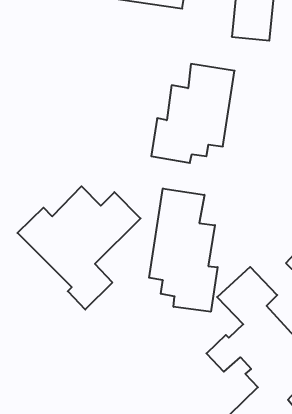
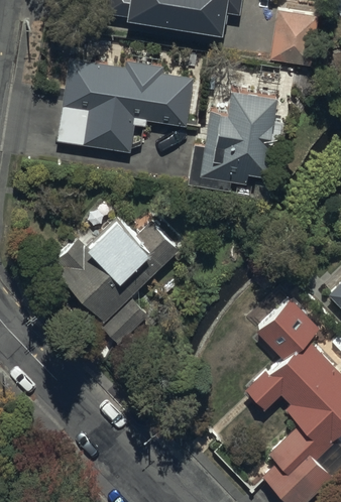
building: none -> [58,61,194,154]
building: [149,188,218,312] -> none

